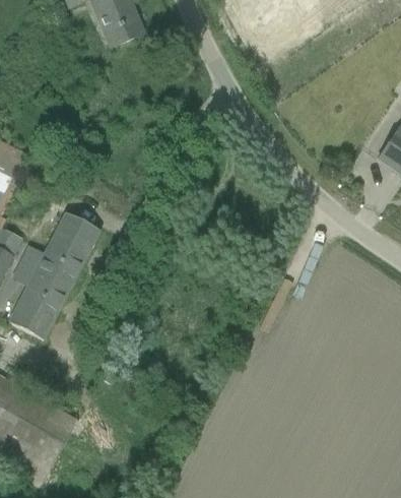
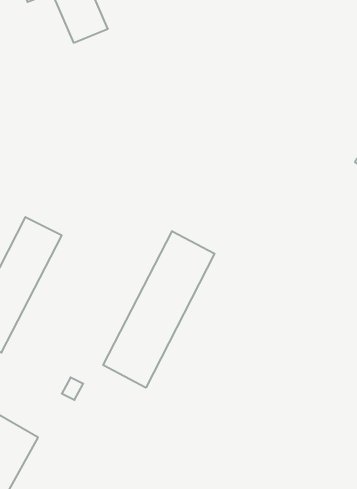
building: none -> [103,231,215,388]

